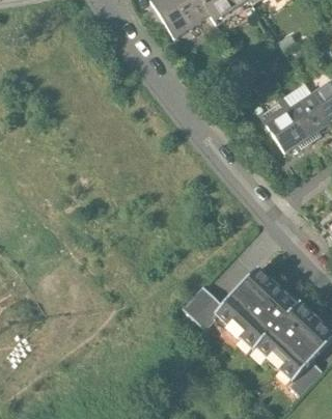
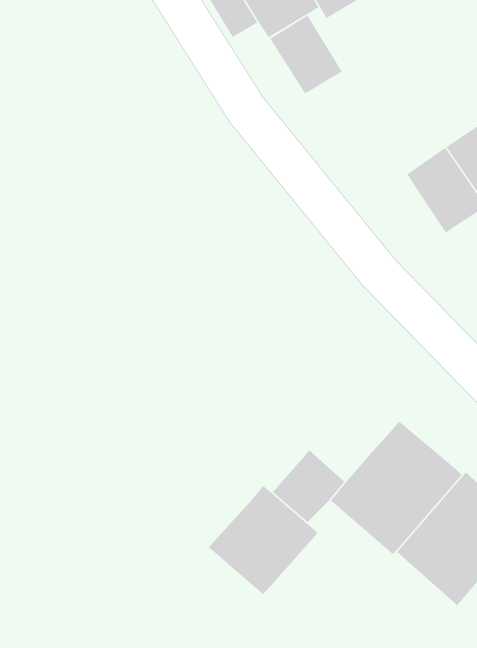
building: none -> [269,14,343,94]
building: none -> [208,485,318,595]

